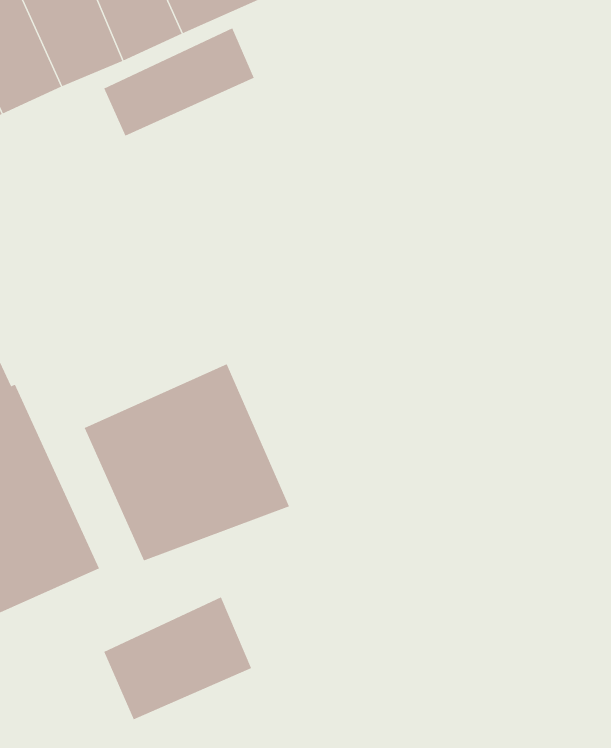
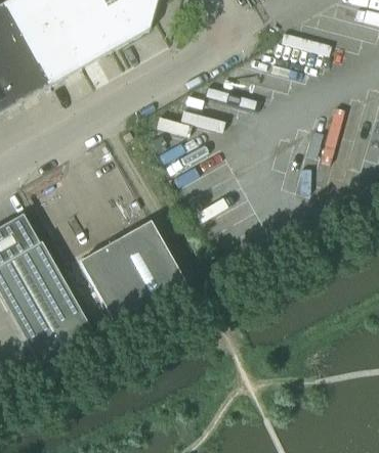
building: [103,27,255,137] -> none
building: [103,596,252,720] -> none

